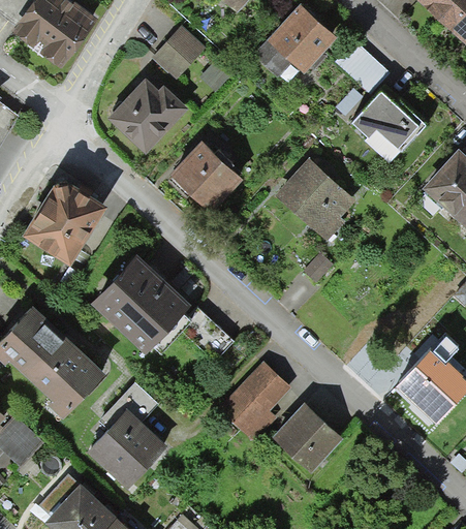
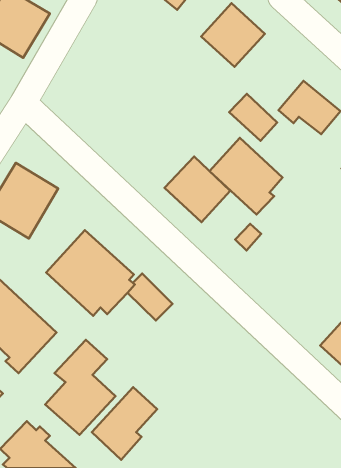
building: [155,26,205,75] -> none
building: [335,38,389,91] -> [229,94,277,141]
building: [106,79,185,154] -> none
building: [168,142,242,215] -> [165,157,230,222]
building: [218,359,291,440] -> [92,387,157,460]
building: [271,401,342,473] -> none

